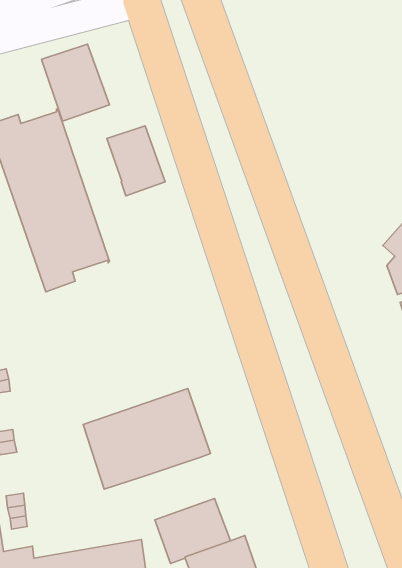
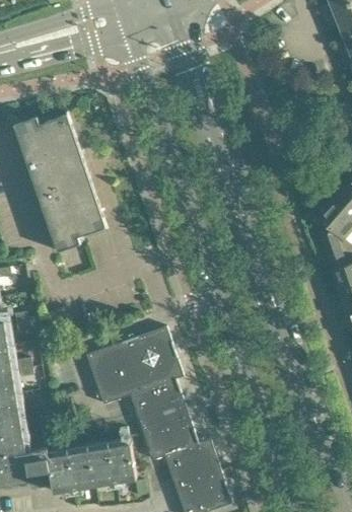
building: [42,44,109,121] -> none
building: [107,126,165,196] -> none
building: none -> [131,379,188,427]

